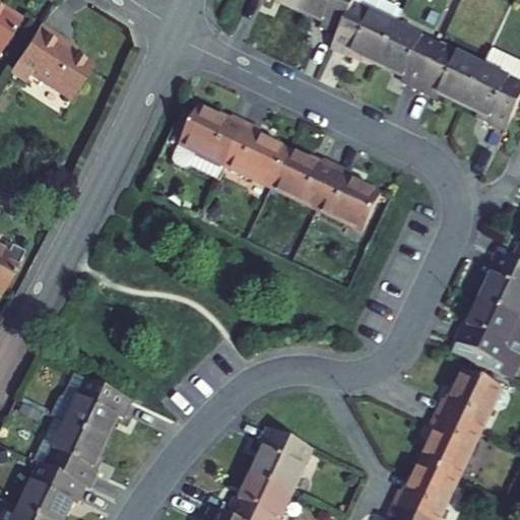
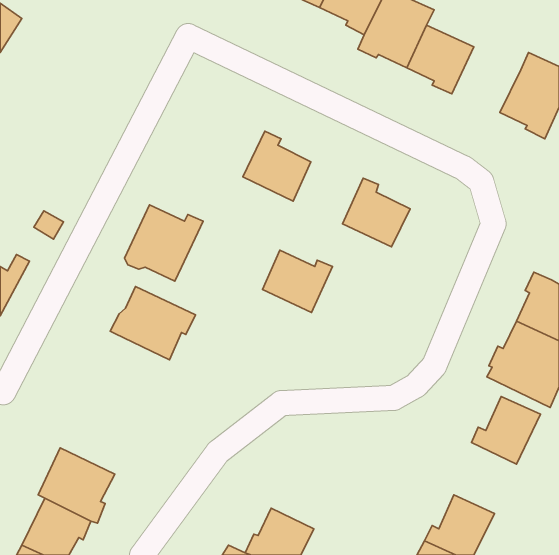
building: [10,23,92,98] -> none
building: [419,44,483,105] -> none
building: [173,107,246,178] -> [124,205,203,281]
building: [272,150,337,208] -> [262,250,332,312]
building: [52,373,131,441] -> [110,286,196,360]
building: [421,411,479,477] -> none
building: [252,427,313,492] -> none

